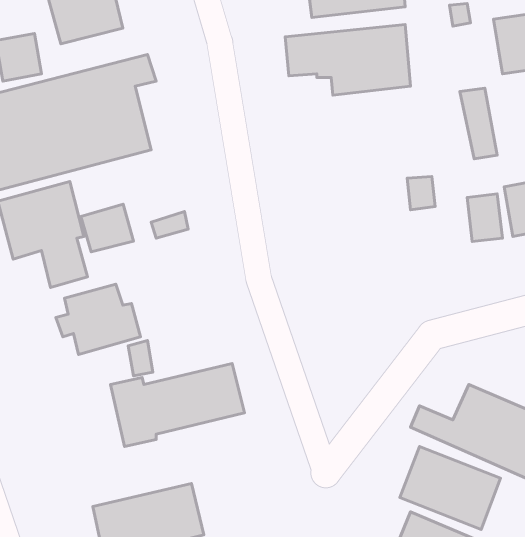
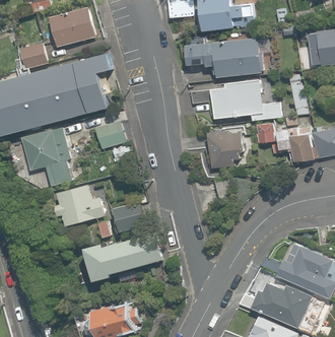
building: none -> [210,80,281,121]
building: none -> [205,129,244,167]
building: [81,204,134,252] -> [96,121,127,148]
building: none -> [116,201,145,228]

